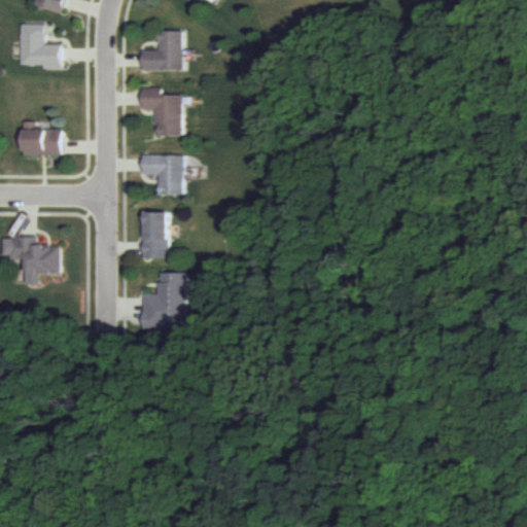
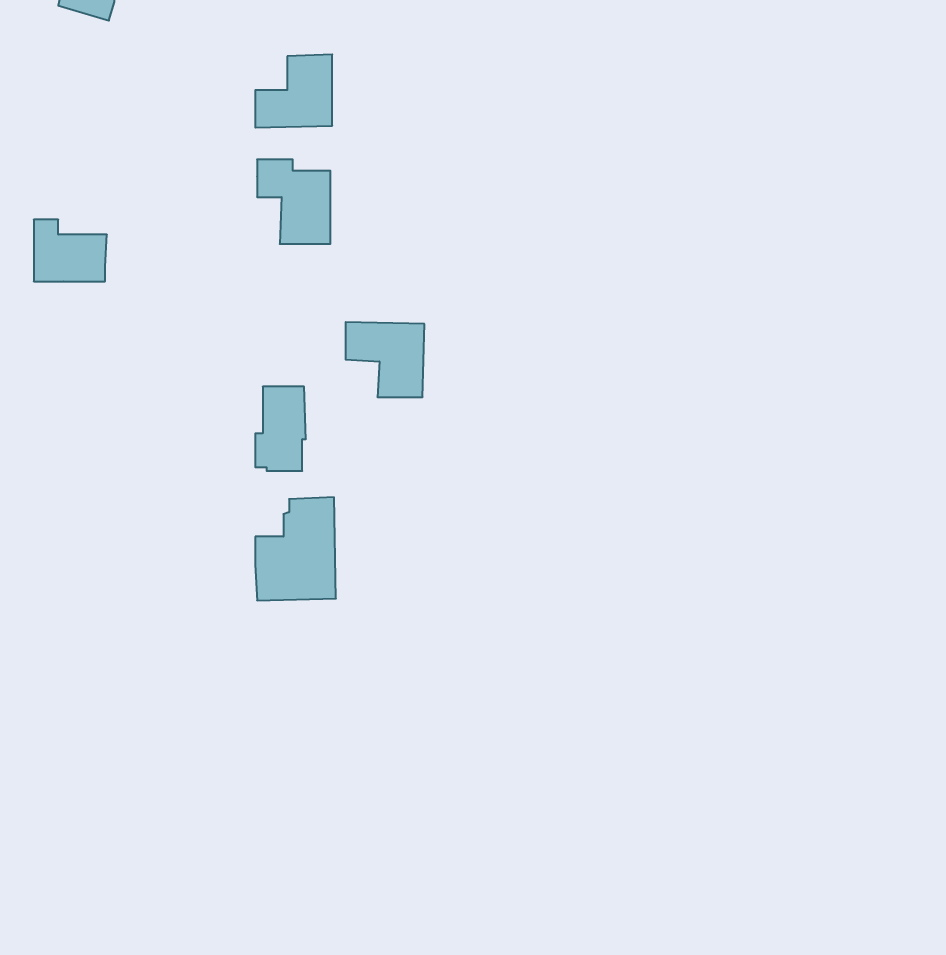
building: [17,23,59,68] -> none
building: [139,153,182,195] -> [346,322,424,397]
building: [5,237,60,275] -> none

